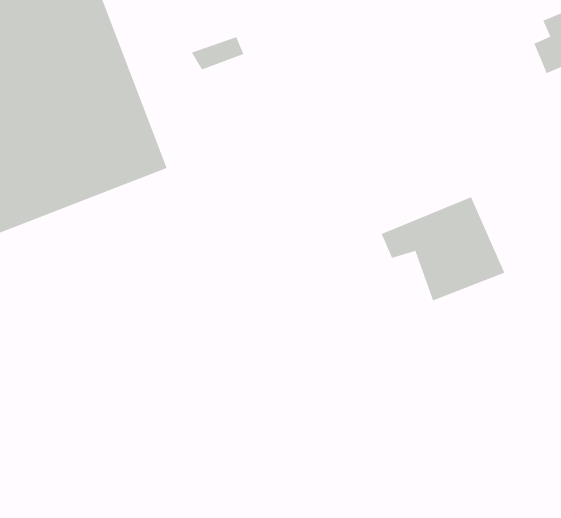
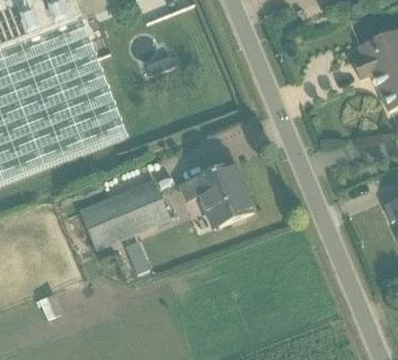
building: [381,196,505,301] -> [177,163,253,227]
building: none -> [79,176,171,250]

